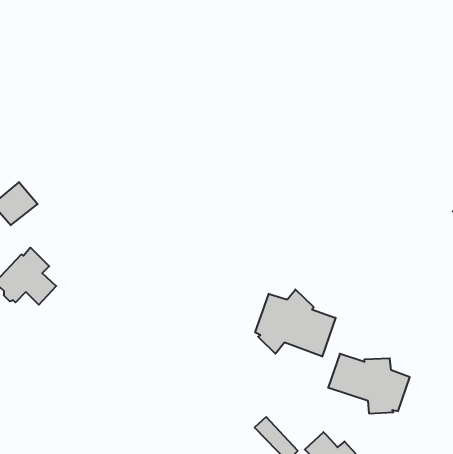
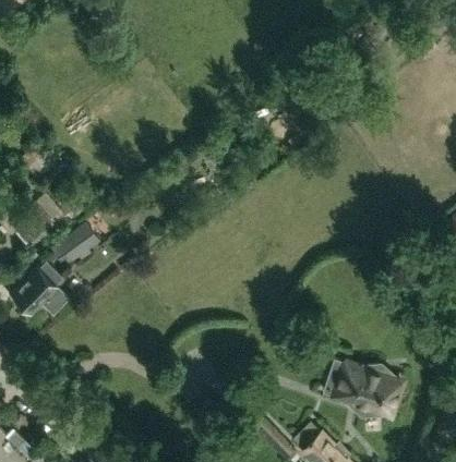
building: none -> [52,223,99,263]
building: [255,289,336,357] -> none

